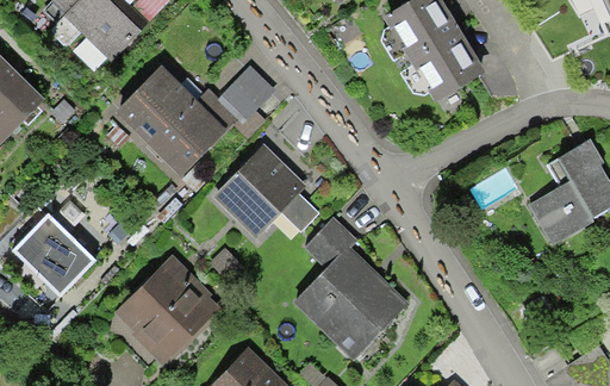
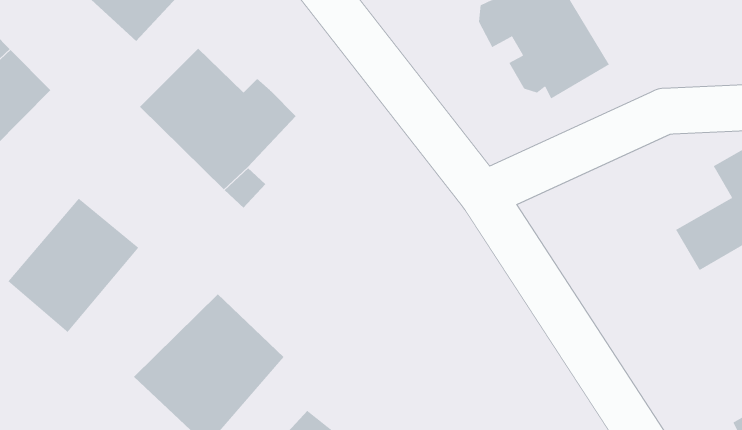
building: [216,64,273,123] -> none
building: [201,138,316,244] -> none
building: [303,222,404,354] -> none

